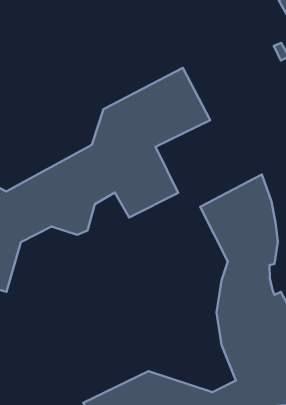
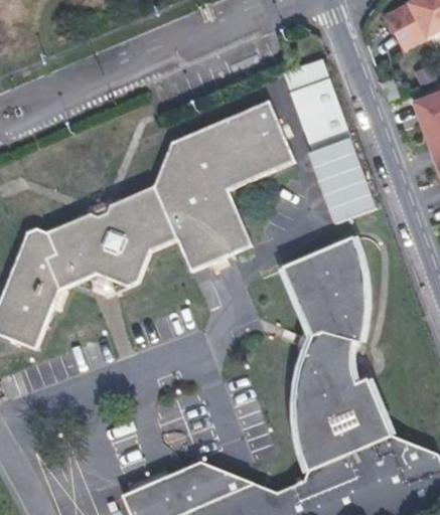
building: none -> [283,56,377,221]

